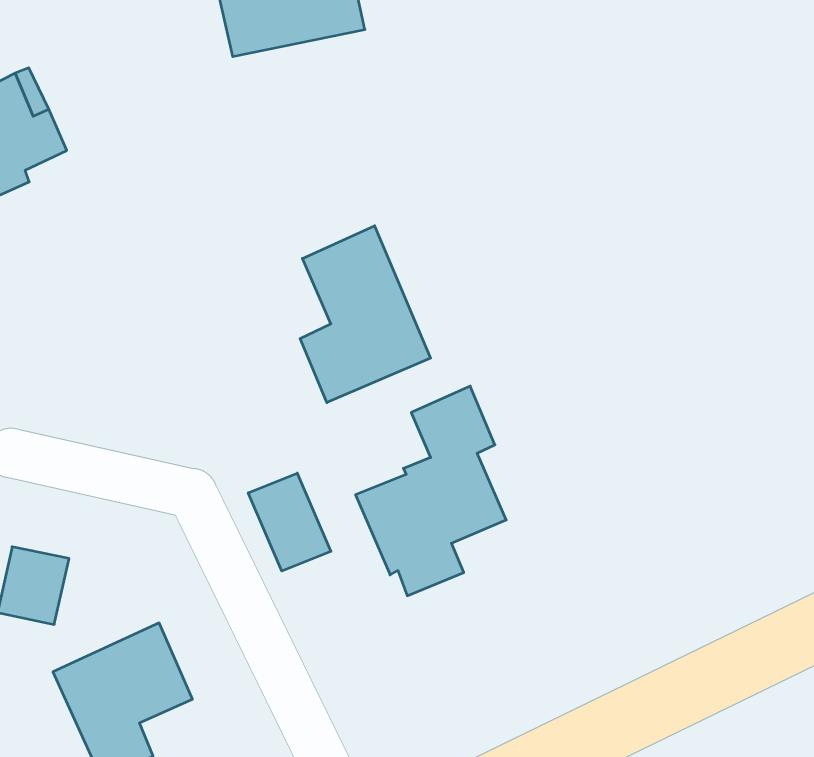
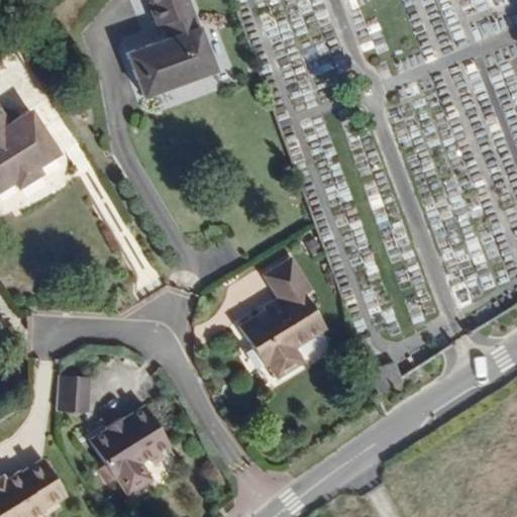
building: [300,226,431,403] -> none
building: [248,473,331,571] -> none

